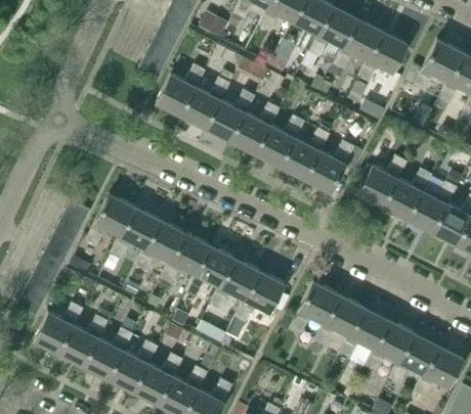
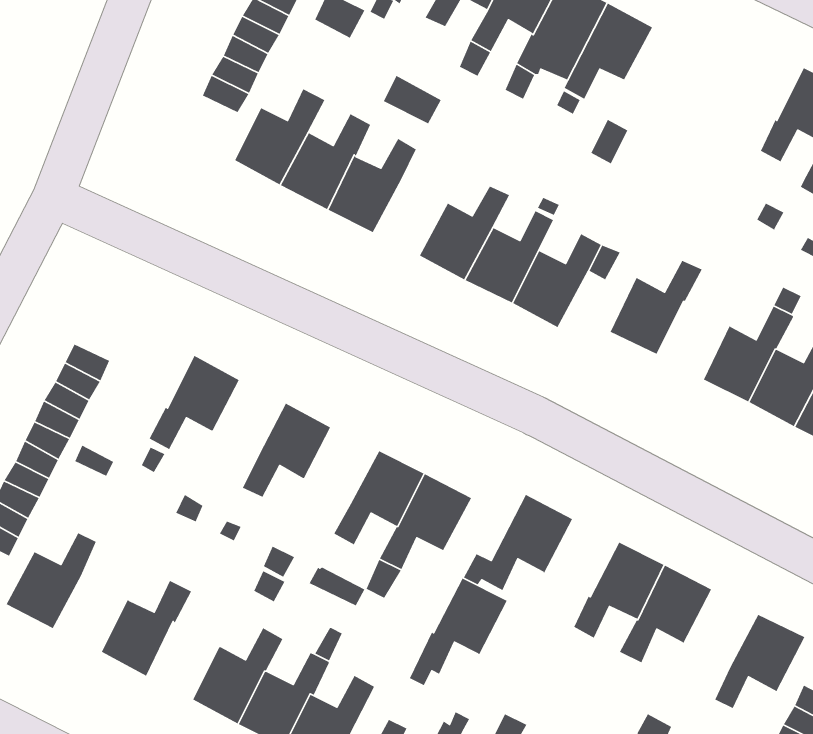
building: [357,32,406,84] -> none
building: [403,40,462,91] -> none
building: [230,103,279,154] -> none
building: [383,169,432,221] -> none
building: [85,195,134,246] -> none
building: [135,221,183,272] -> none
building: [184,246,233,297] -> none
building: [309,295,362,354] -> [409,578,508,686]
building: [58,316,109,367] -> none
building: [109,331,163,393] -> none
building: [387,333,437,385] -> none

